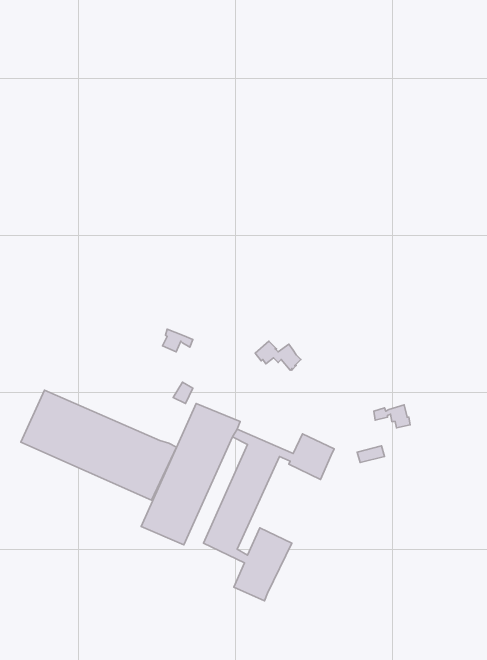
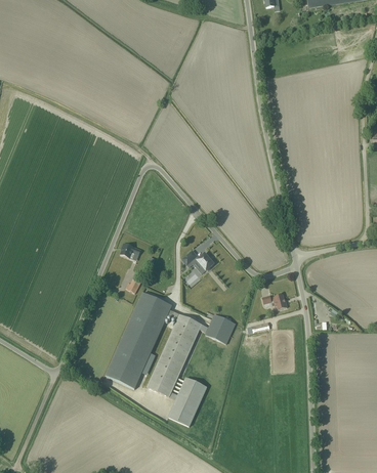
building: [21,390,177,500] -> none

